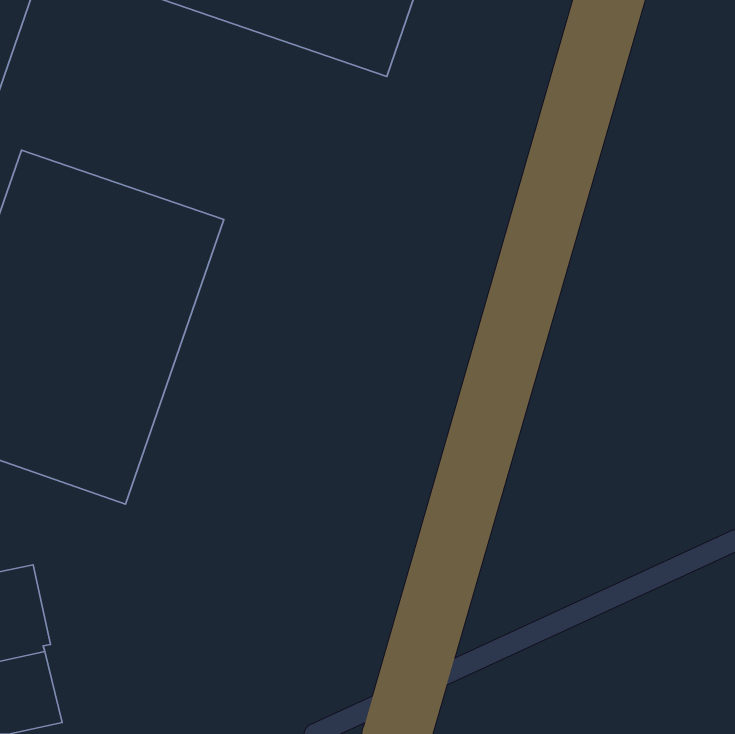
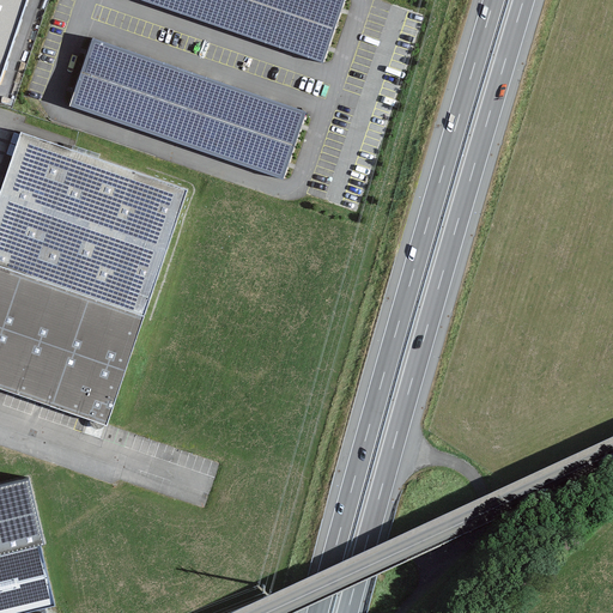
building: none -> [67,38,304,180]

